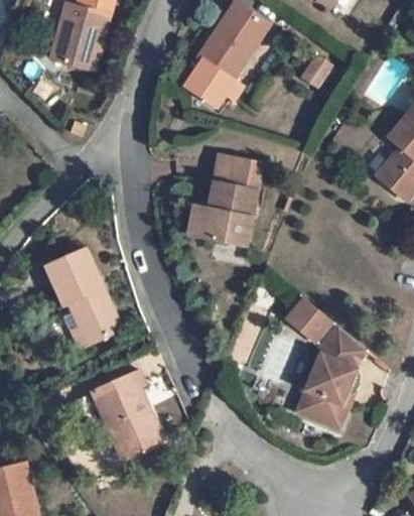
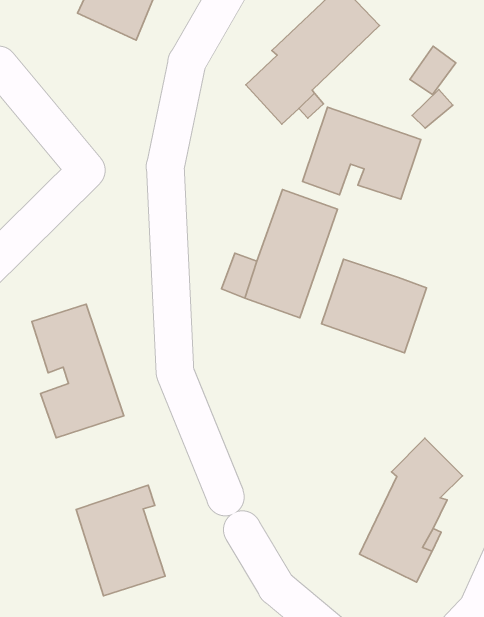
building: none -> [303,107,421,199]
building: none -> [321,259,427,353]
building: [284,294,328,337] -> none

